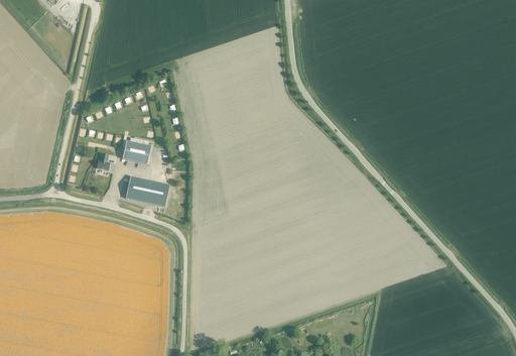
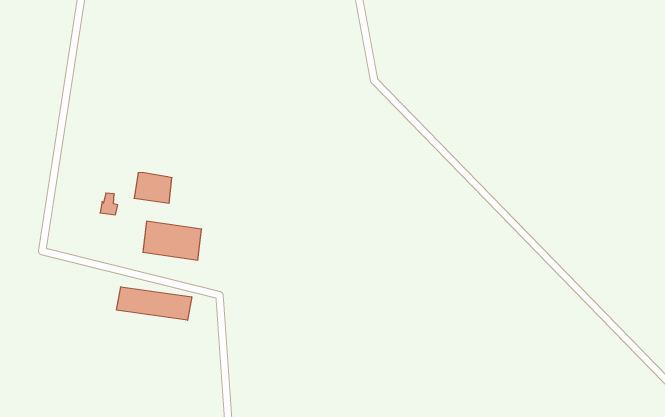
building: none -> [117,287,192,320]

